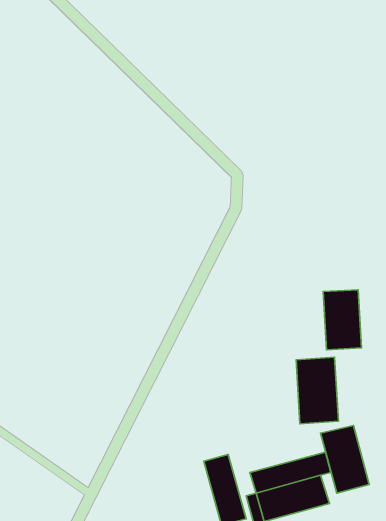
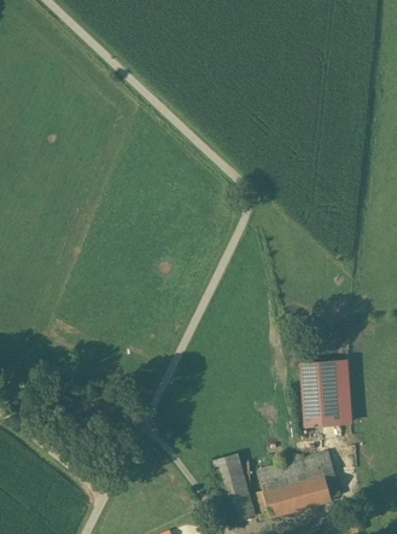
building: [323,290,362,350] -> none
building: [321,425,369,493] -> none

